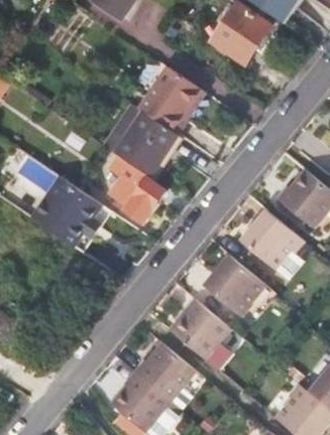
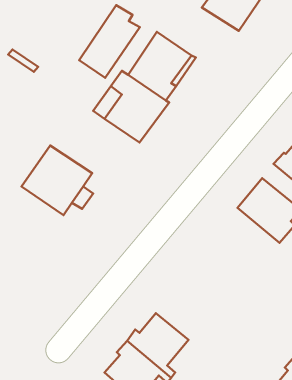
building: none -> [79,5,140,78]
building: [120,172,188,226] -> none
building: [206,253,272,314] -> none
building: [172,297,230,364] -> none

